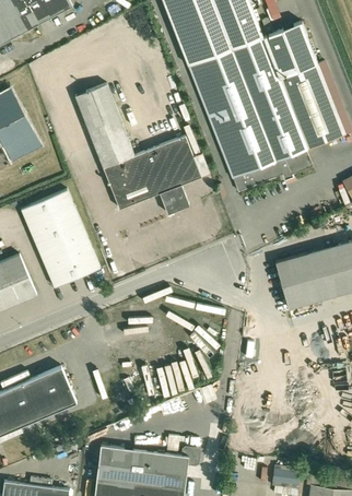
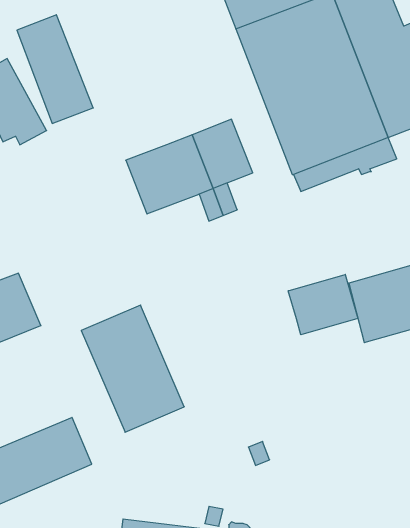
building: [75,83,134,167] -> [17,15,93,123]
building: [21,189,101,287] -> [81,305,184,432]
building: none -> [288,274,358,335]

